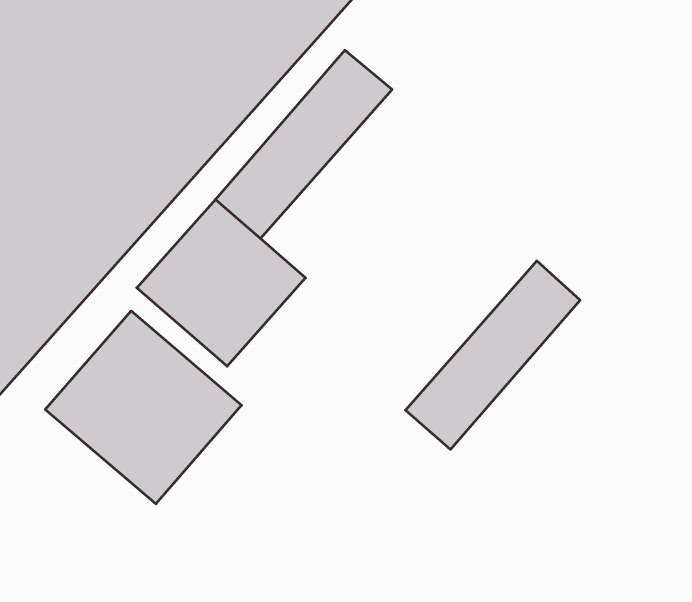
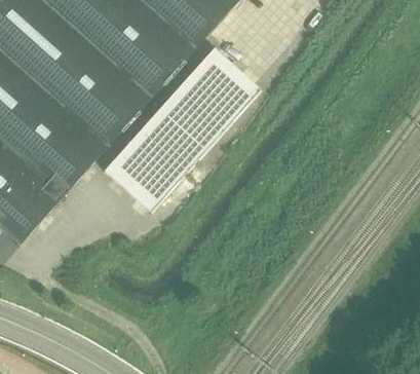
building: [405,261,580,449] -> [167,70,259,169]
building: [45,311,242,504] -> none

